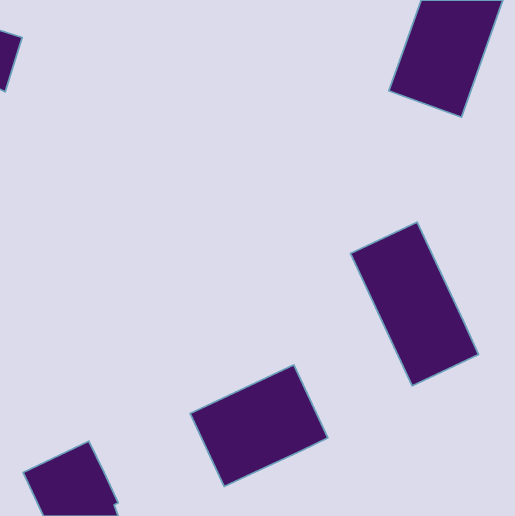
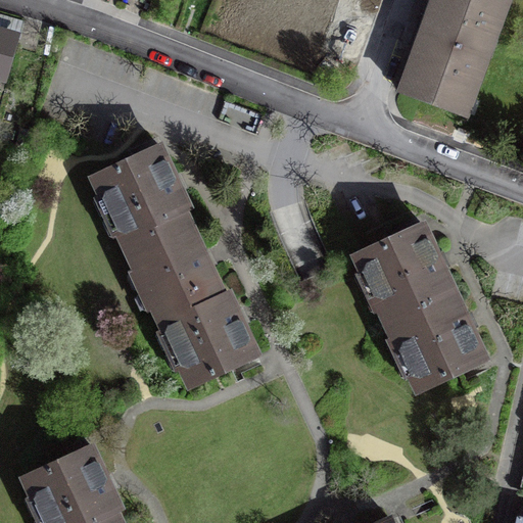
building: none -> [92,146,256,386]
building: [190,365,328,486] -> none

